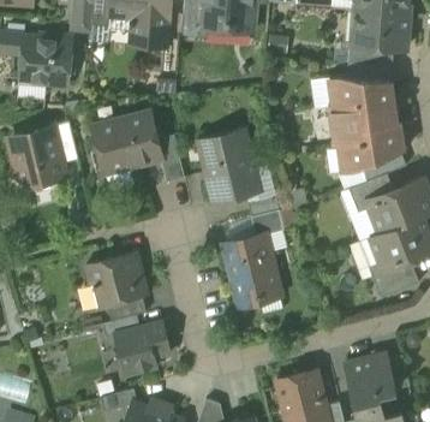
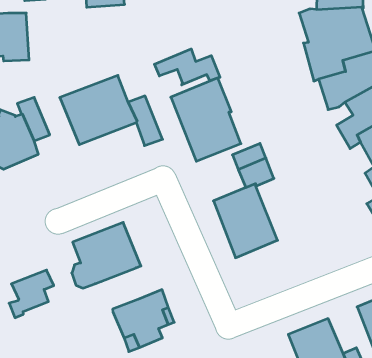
building: none -> [154,49,220,85]
building: [102,297,147,338] -> [9,270,54,318]

